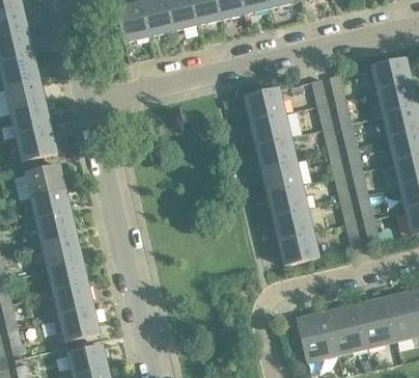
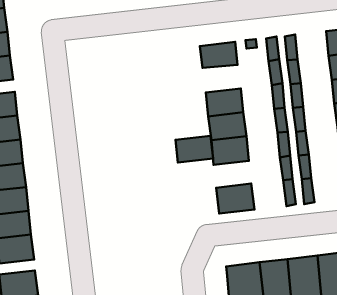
building: [248,111,289,143] -> none
building: [271,208,311,239] -> [175,136,213,163]

